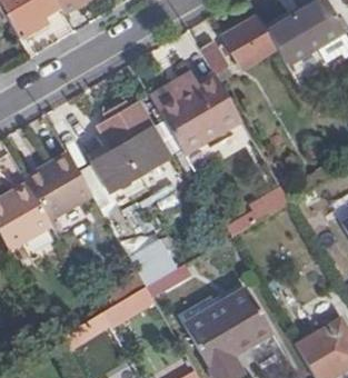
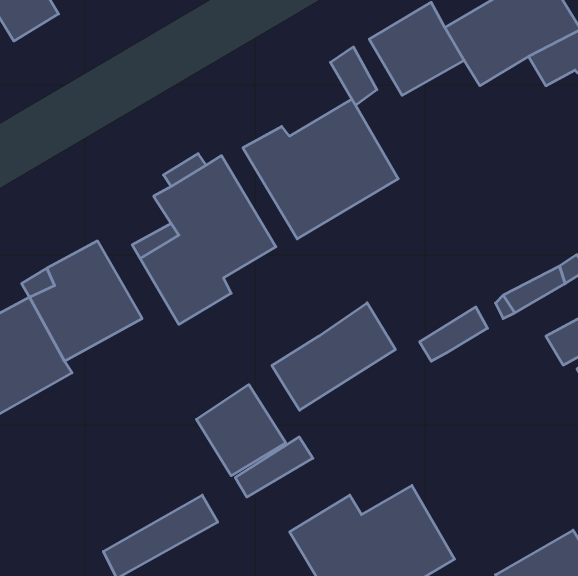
building: none -> [272,303,395,410]

